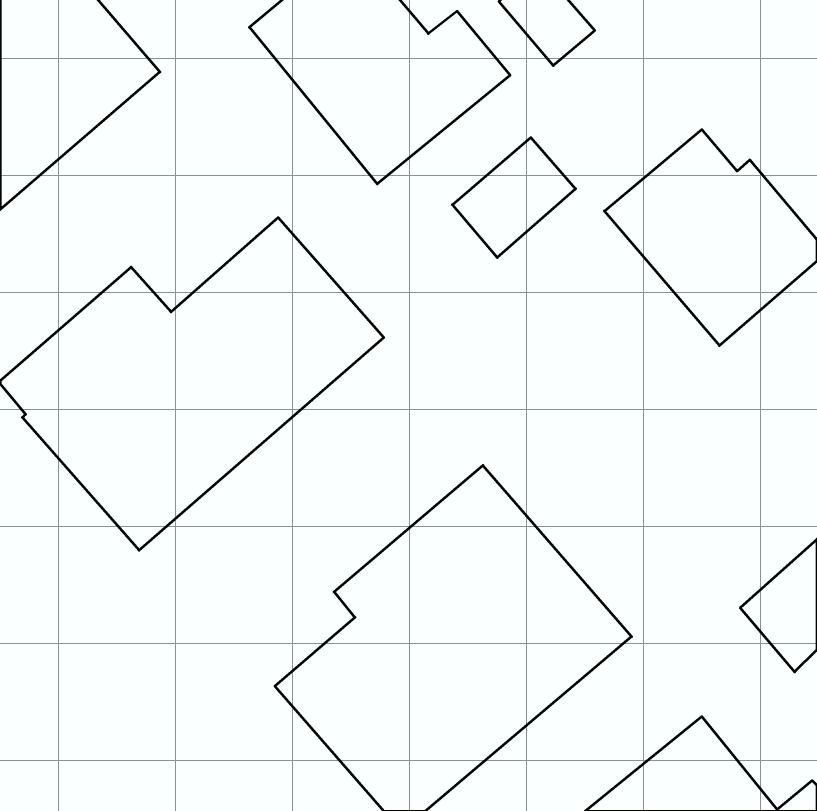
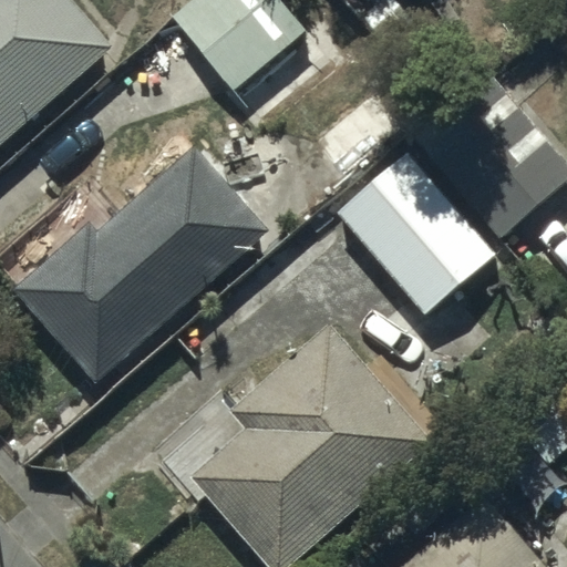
building: none -> [337,153,496,318]

